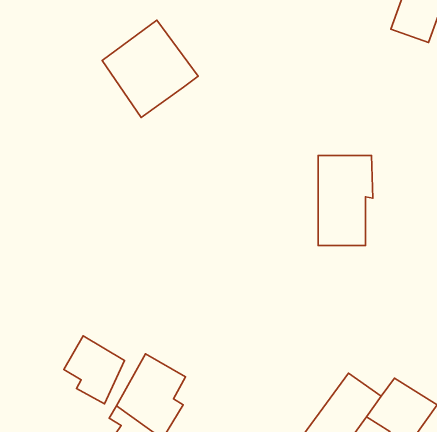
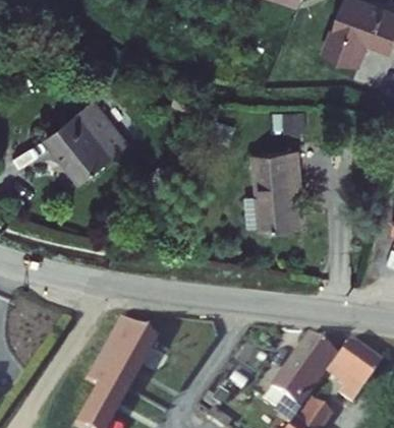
building: [102,20,198,117] -> [43,102,123,183]
building: [64,336,124,404] -> none

